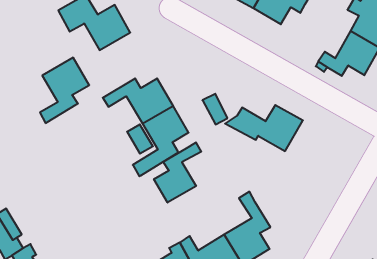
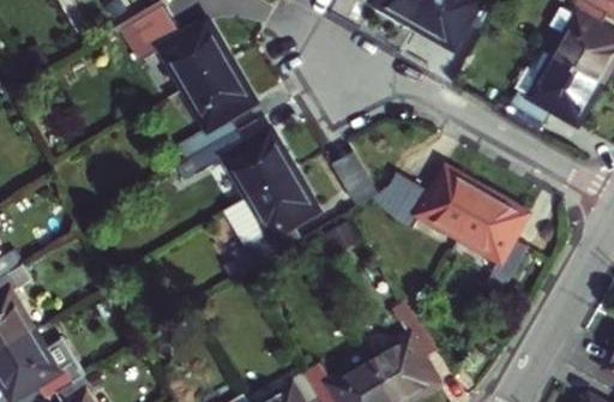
building: [40,58,89,123] -> [180,60,253,157]
building: none -> [458,191,525,292]
building: [154,142,201,203] -> none

